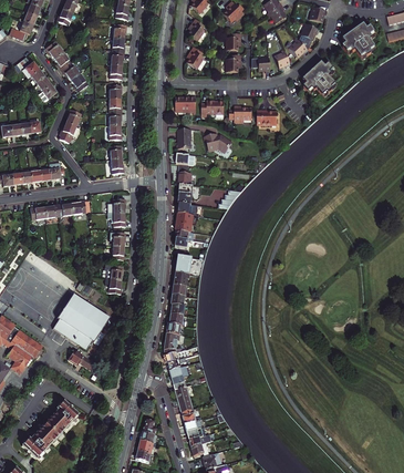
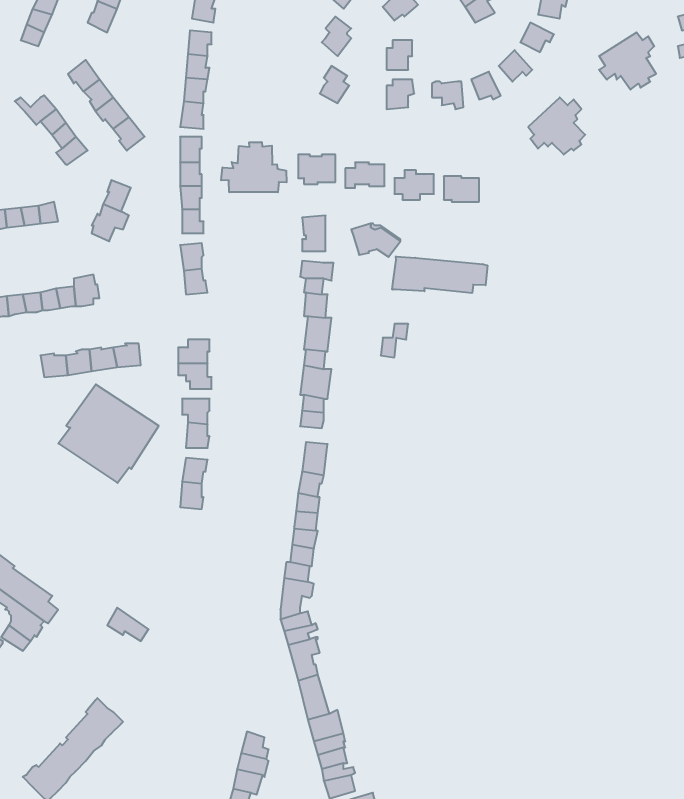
building: none -> [221,142,287,192]
building: none -> [392,256,487,293]
building: [52,294,108,349] -> [58,384,159,483]

